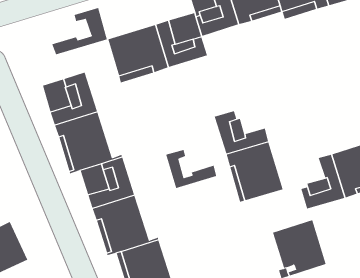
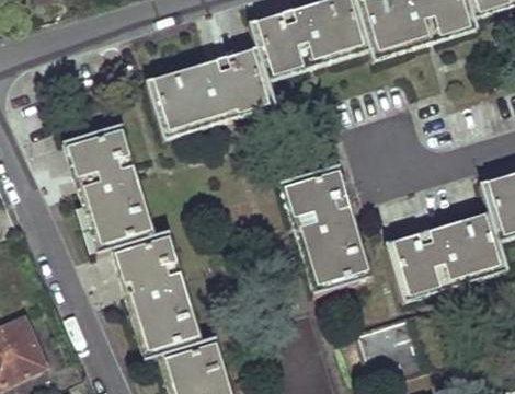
building: [52,7,107,55] -> none
building: none -> [310,163,350,201]
building: [166,149,217,189] -> none
building: none -> [385,232,425,271]

